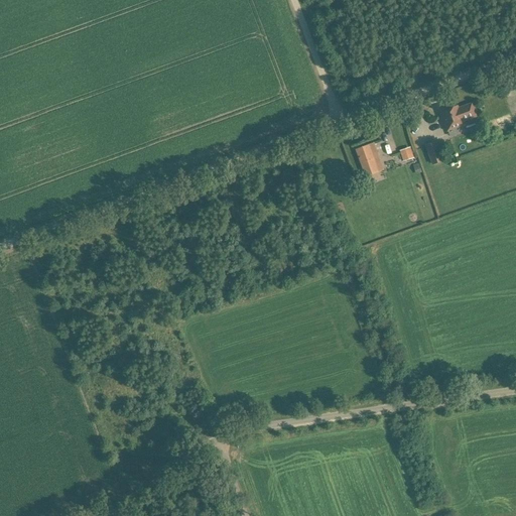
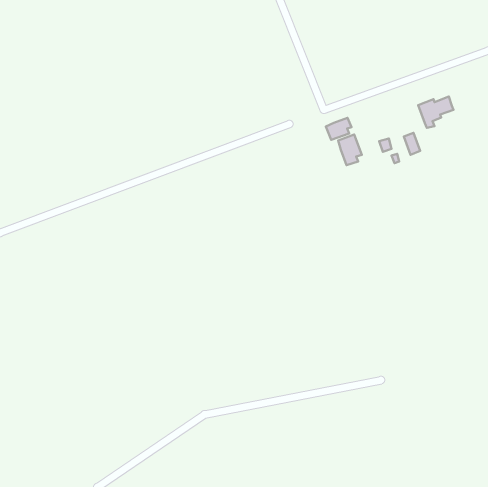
building: none -> [326,118,351,140]

